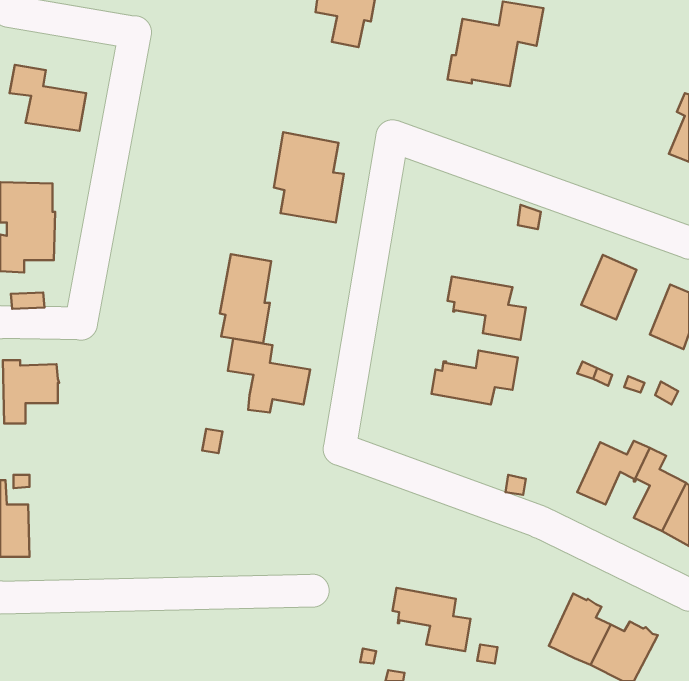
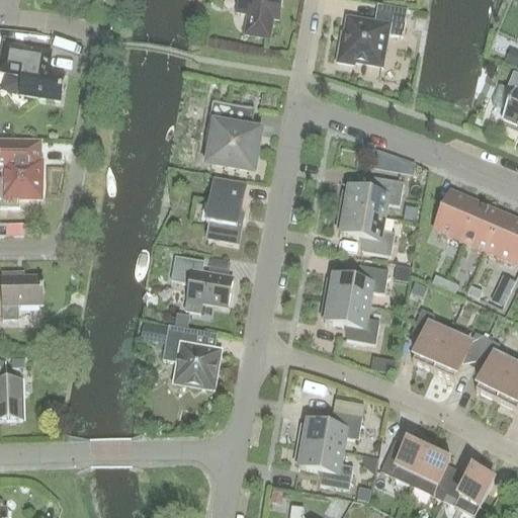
building: none -> [339,175,404,215]
building: [220,254,271,343] -> [206,177,245,244]
building: none -> [462,202,503,251]
building: none -> [321,295,379,343]
building: none -> [410,307,450,369]
building: none -> [163,323,220,386]
building: none -> [297,409,362,449]
building: none -> [380,435,430,485]

